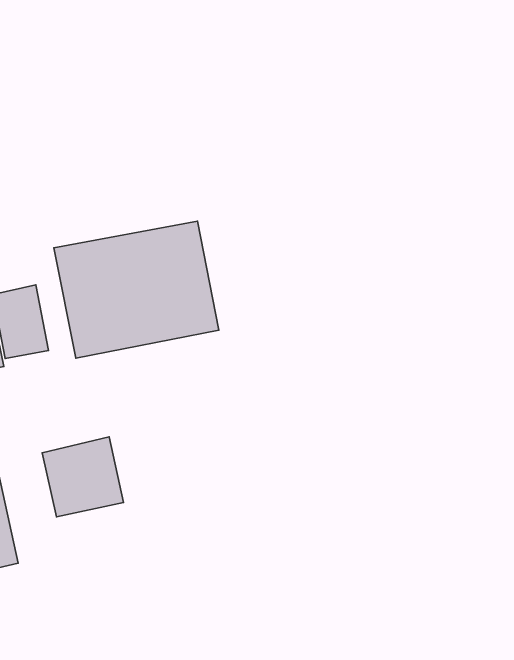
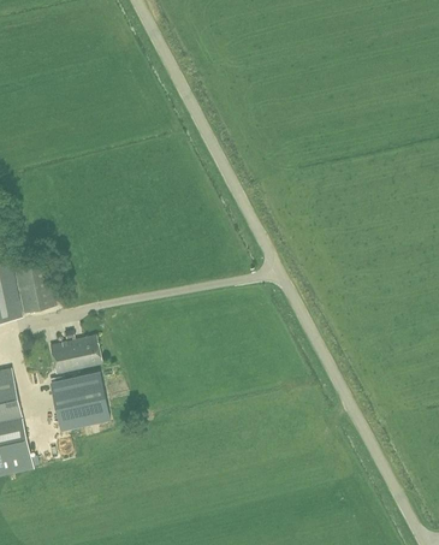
building: [54,221,219,358] -> none
building: none -> [48,331,101,373]

